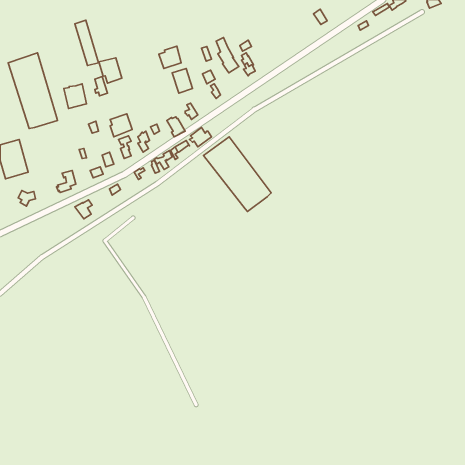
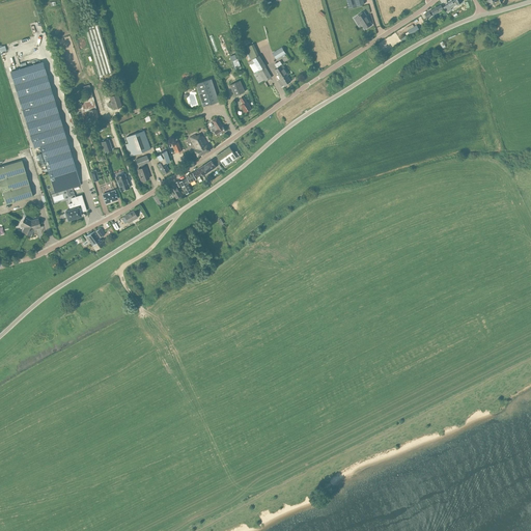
building: [159,46,181,68] -> none
building: [99,58,122,83] -> none
building: none -> [40,137,81,190]
building: [204,137,271,212] -> none

